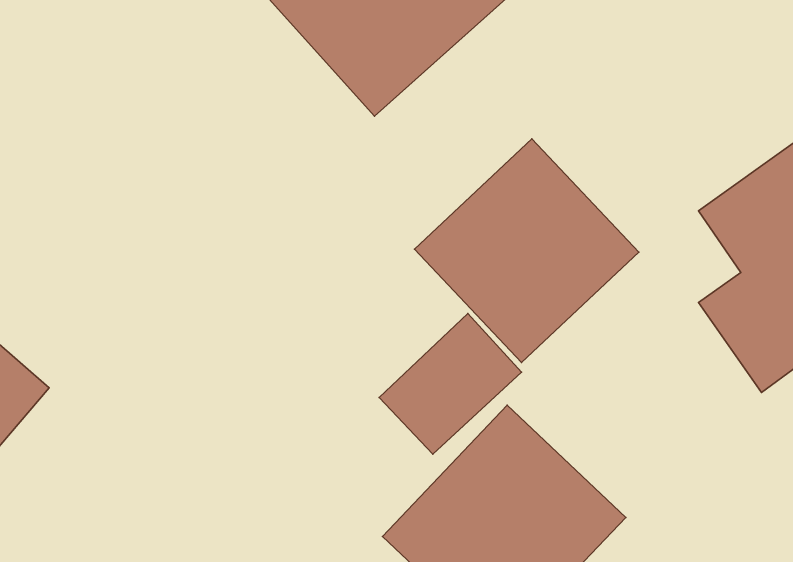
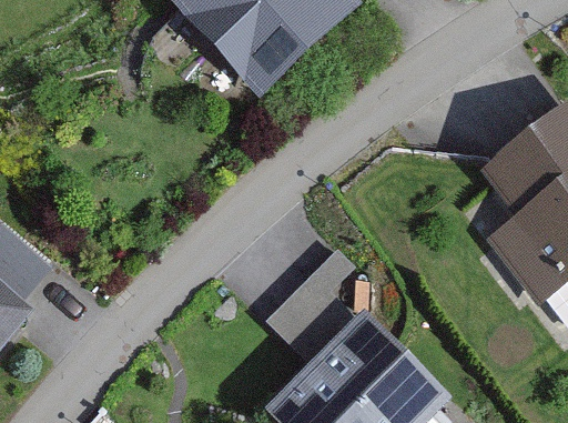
building: [414,139,639,363] -> none

